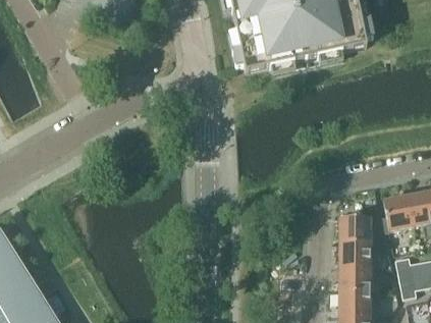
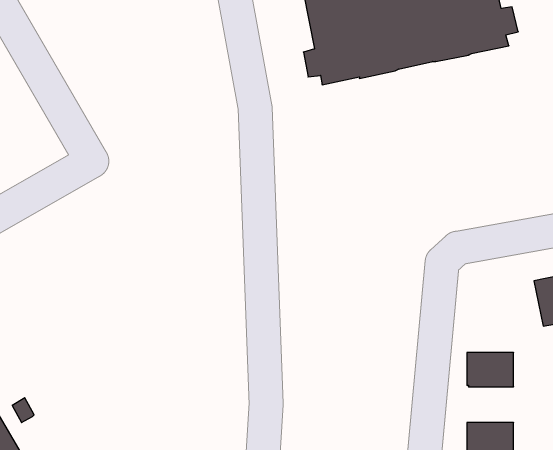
building: [340,216,385,246] -> none
building: [340,267,371,291] -> none

